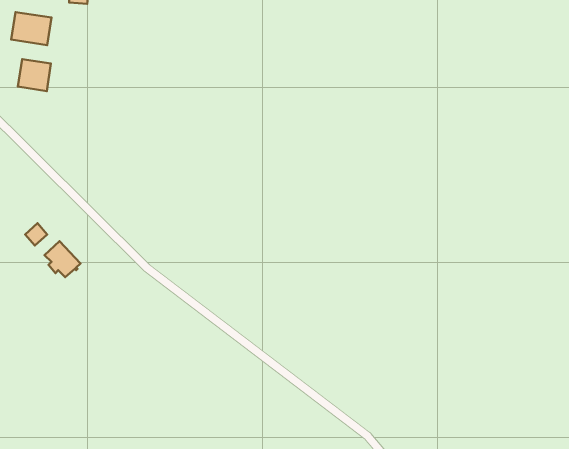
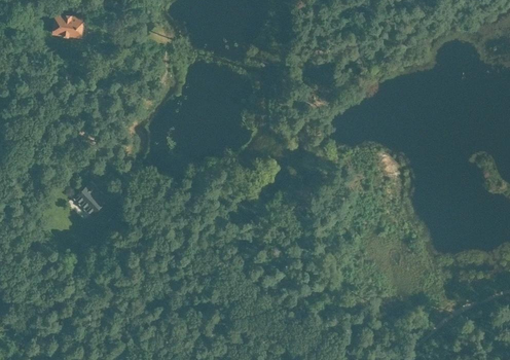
building: [18,59,51,91] -> none

